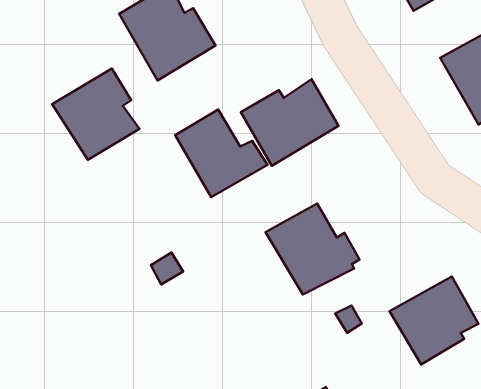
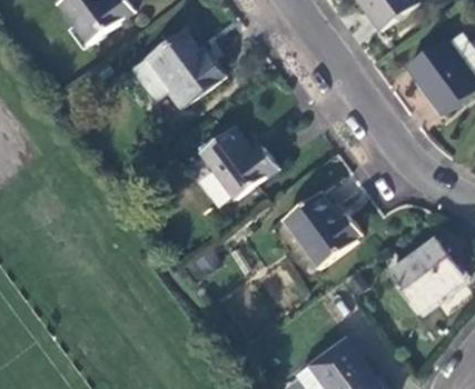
building: [52,68,140,160] -> none
building: [241,79,338,166] -> none

